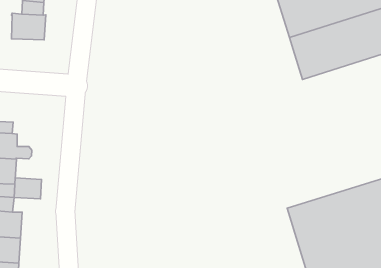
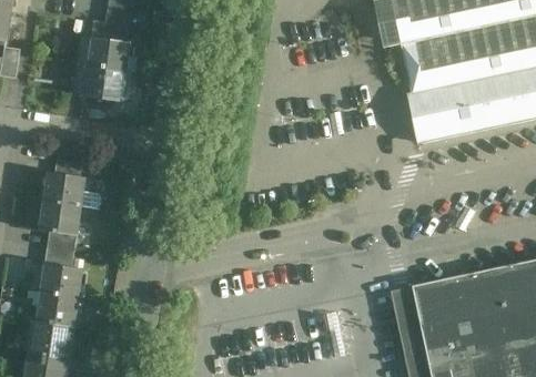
building: none -> [84,67,127,100]
building: [14,178,42,199] -> none

